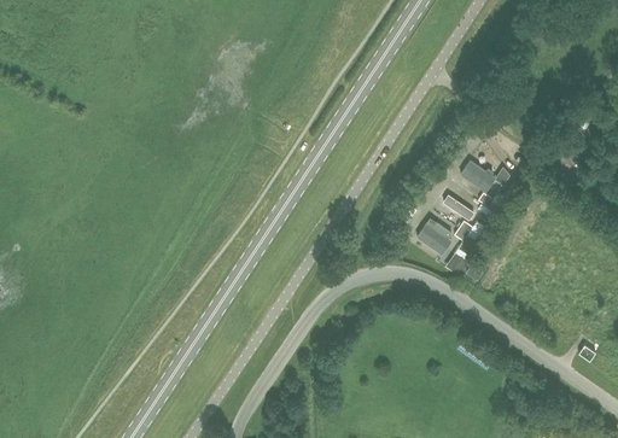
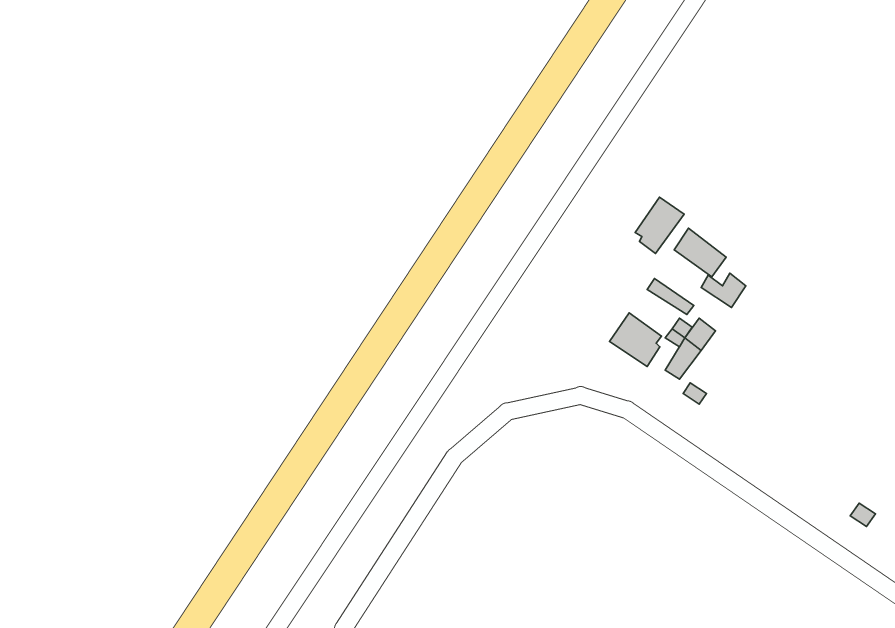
building: none -> [635,197,684,254]

